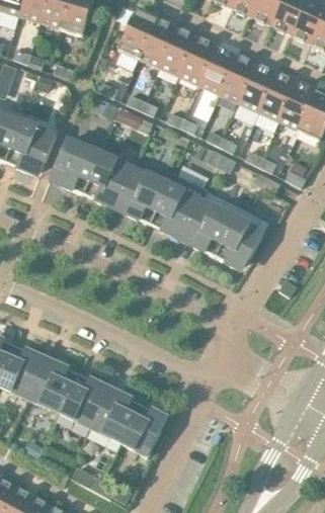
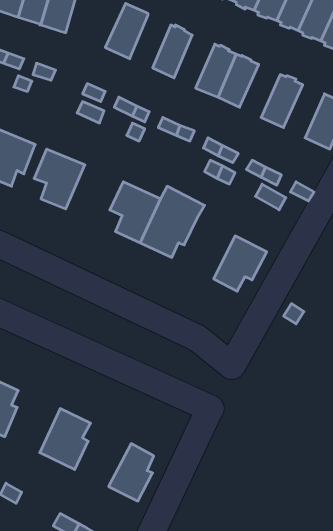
building: [140,19,176,67] -> none
building: [179,37,216,85] -> none
building: [238,64,274,111] -> none
building: [277,82,314,130] -> none
building: [82,154,134,206] -> none
building: [188,200,234,256] -> none
building: [27,363,77,412] -> none
building: [90,394,141,442] -> none

